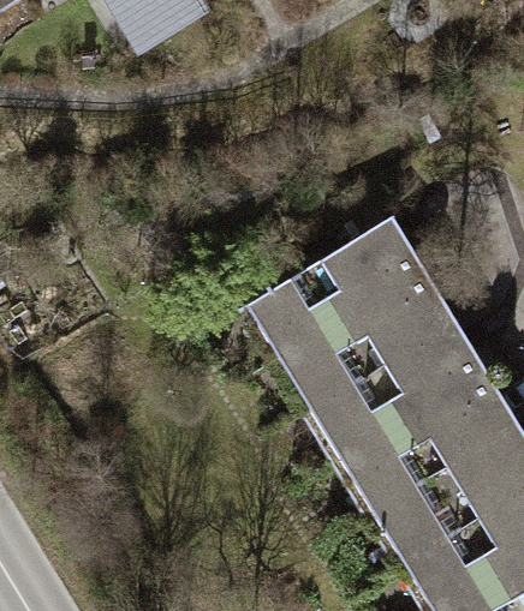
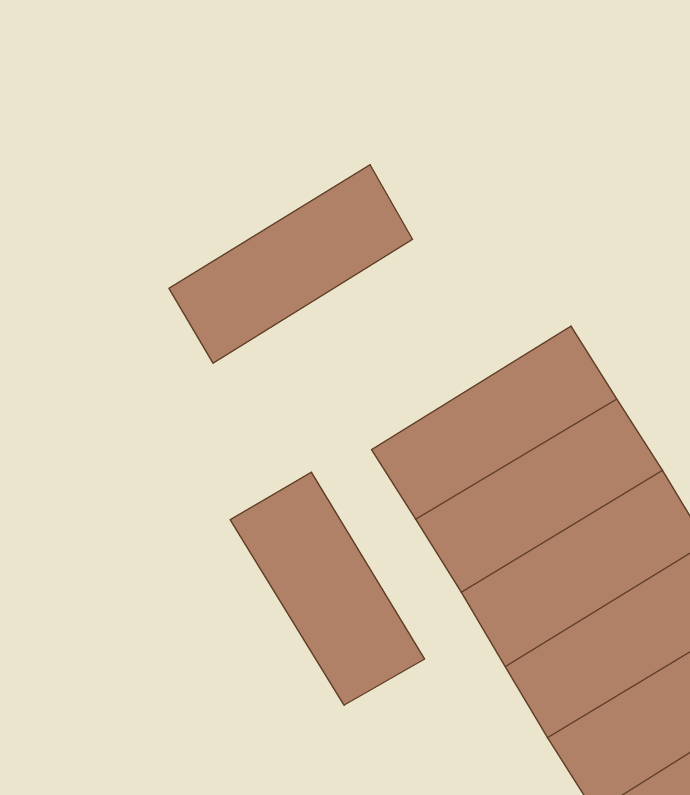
building: [249,216,422,357] -> [169,165,413,363]
building: none -> [230,472,424,705]

